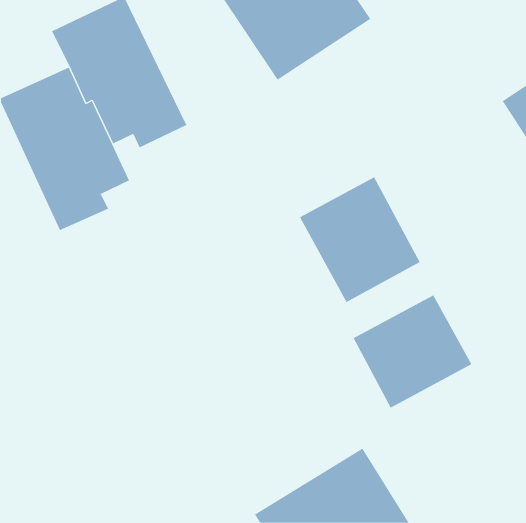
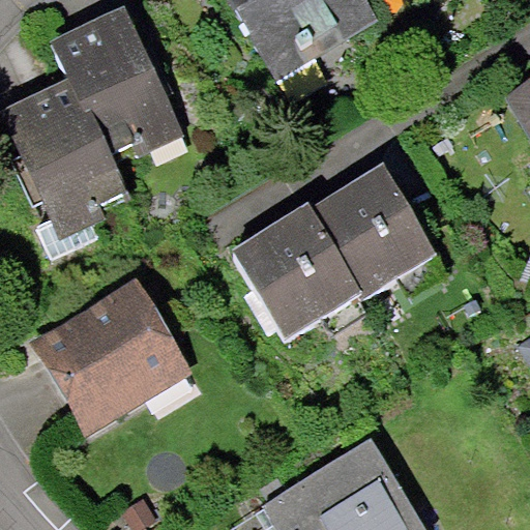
building: none -> [228,215,351,342]
building: none -> [28,288,186,438]
building: [353,295,472,409] -> none

